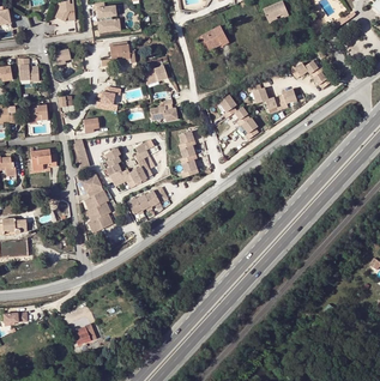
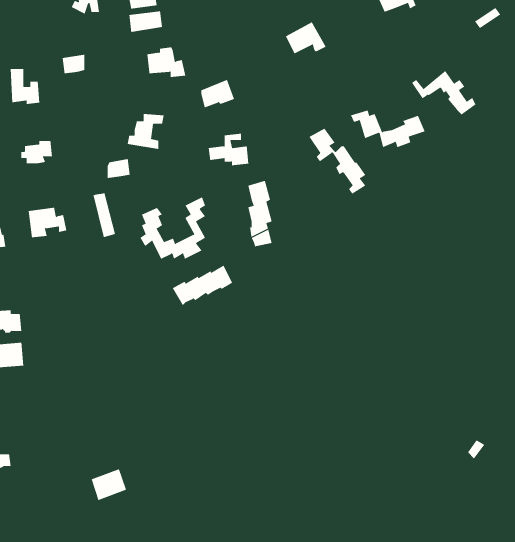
building: [80,173,111,231] -> none

